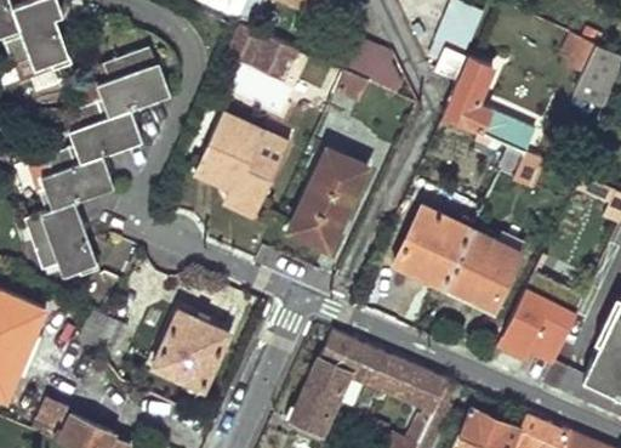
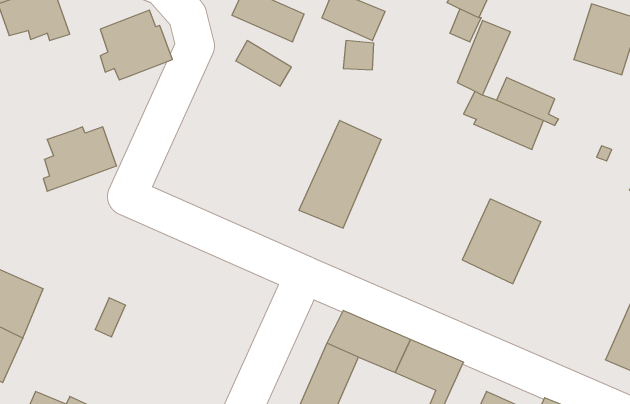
building: [70,101,142,163] -> none
building: [195,110,290,215] -> none
building: [394,203,474,284] -> none
building: [32,209,102,280] -> none
building: [497,290,577,364] -> none
building: [154,313,230,391] -> none

